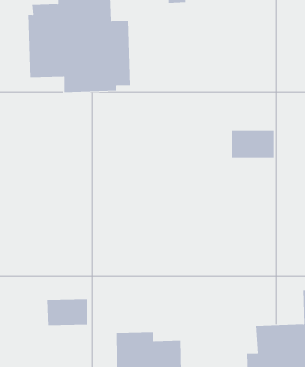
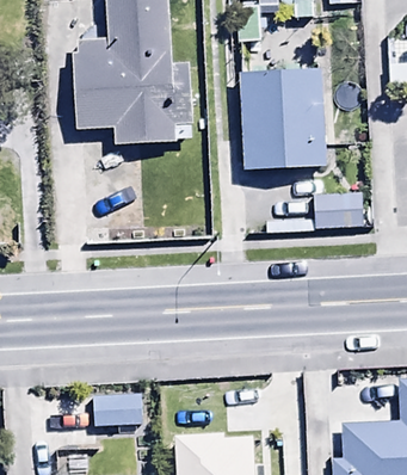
building: none -> [239,70,325,172]

